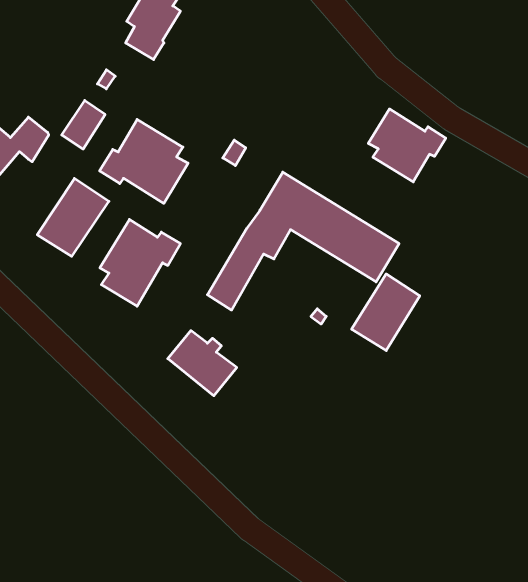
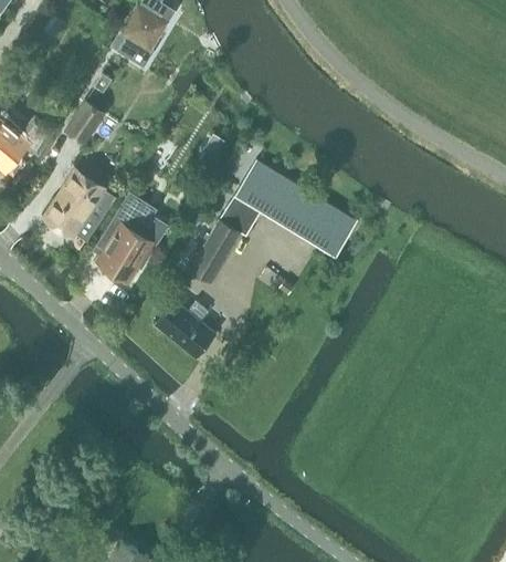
building: [368,109,446,182] -> none
building: [100,119,188,203] -> none
building: [352,274,420,351] -> none

